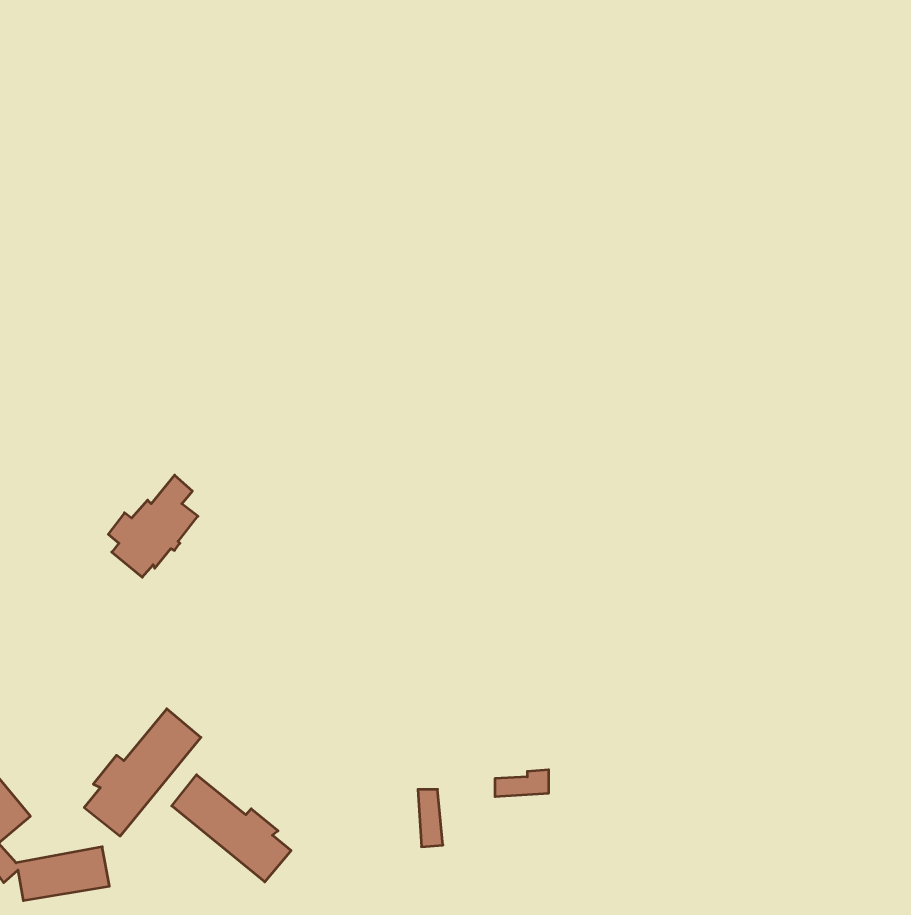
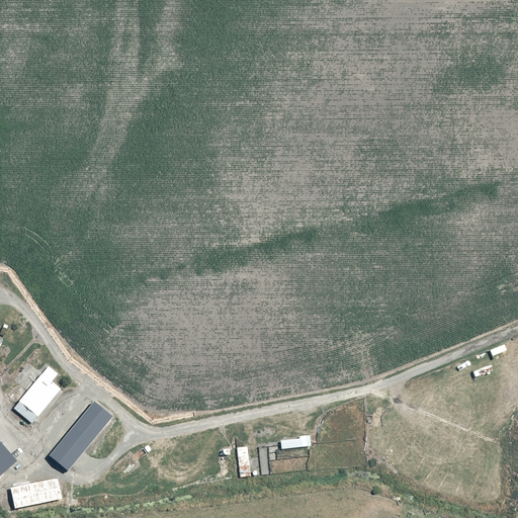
building: [108,475,198,577] -> [10,364,61,422]
building: [172,775,291,882] -> none

